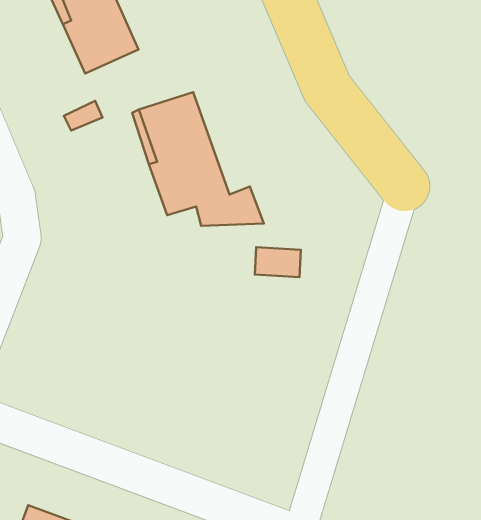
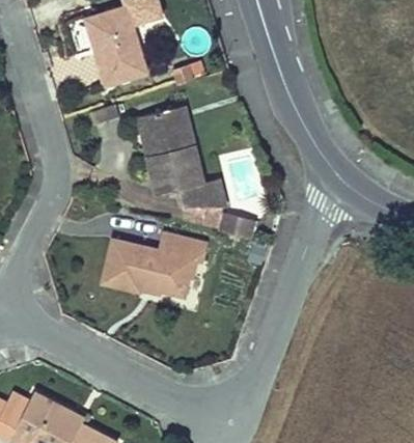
building: none -> [102,230,205,297]

